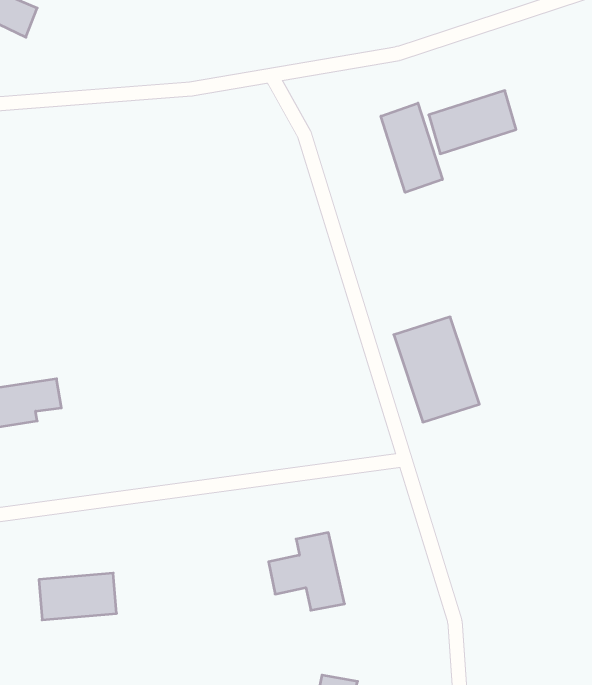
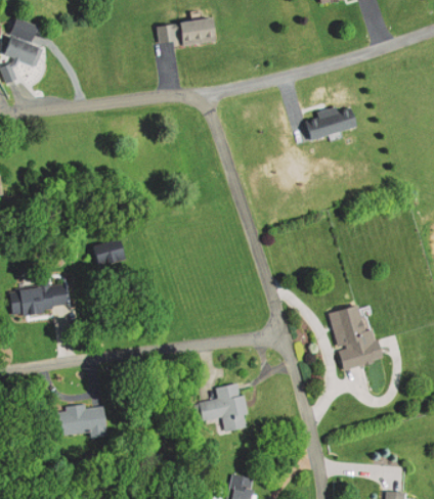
building: [381,103,442,192] -> none
building: none -> [91,242,120,267]
building: [394,317,479,422] -> [326,300,380,366]

